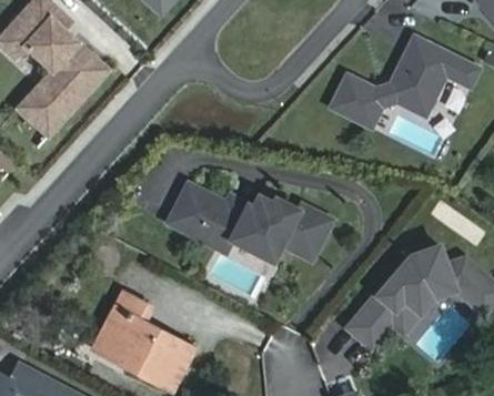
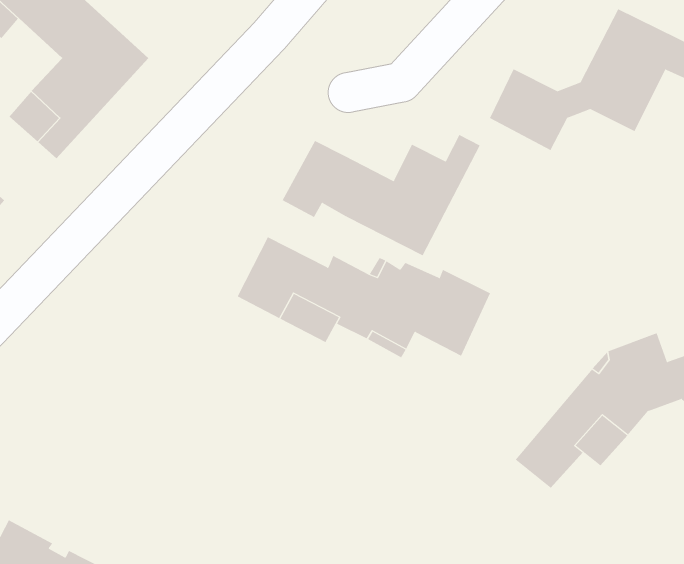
building: none -> [282,134,481,256]
building: [93,296,191,390] -> none

